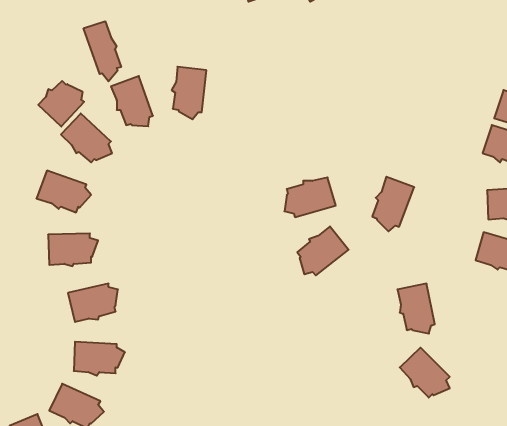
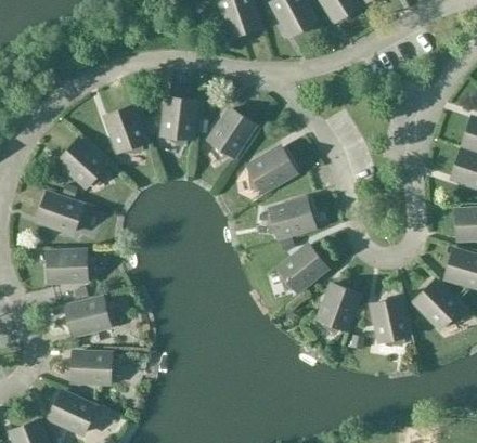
building: [84,21,121,81] -> none
building: none -> [209,109,254,159]
building: [38,81,84,127] -> none
building: none -> [247,148,295,192]
building: [372,177,414,231] -> [319,284,358,335]
building: [400,348,450,398] -> [414,282,461,328]

